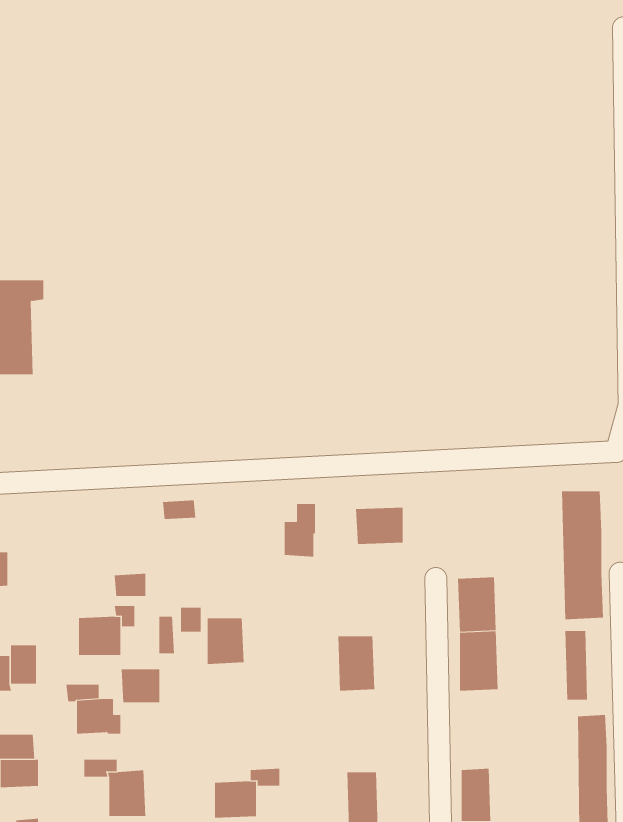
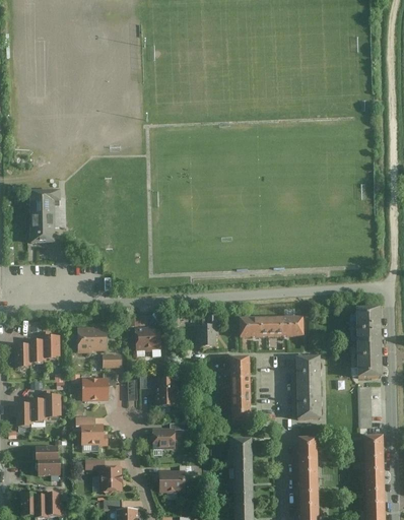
building: none -> [267,317,304,337]
building: none -> [77,327,106,352]
building: none -> [135,327,160,351]
building: none -> [43,335,59,359]
building: none -> [228,356,250,390]
building: [121,669,160,703] -> [152,430,175,449]
building: none -> [298,437,316,466]
building: none -> [233,439,252,467]

